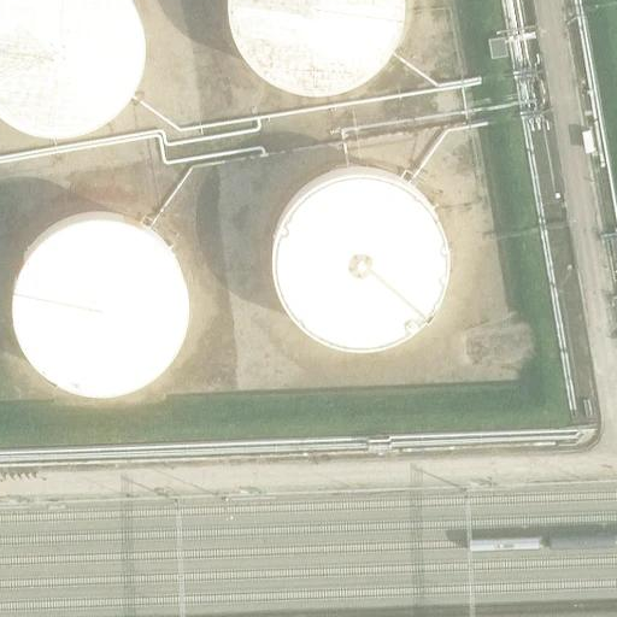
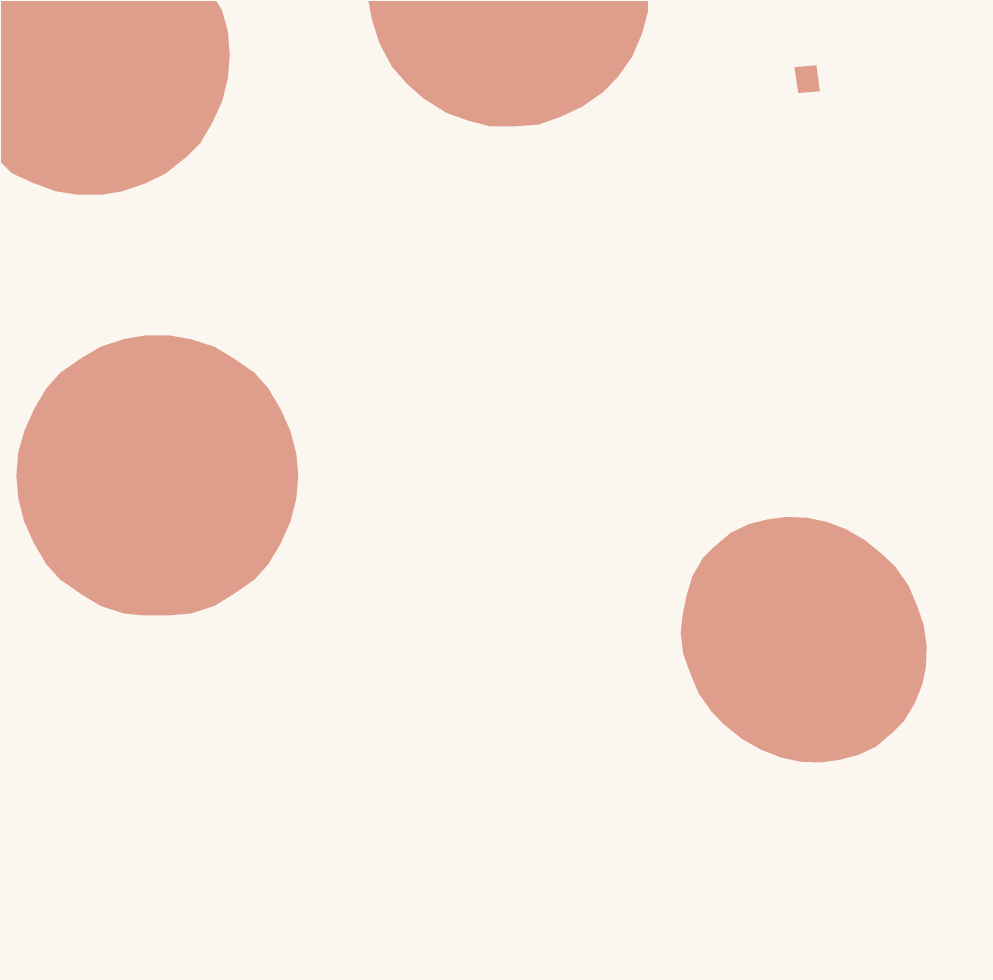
building: [268,172,447,352] -> none
building: none -> [680,516,927,763]

